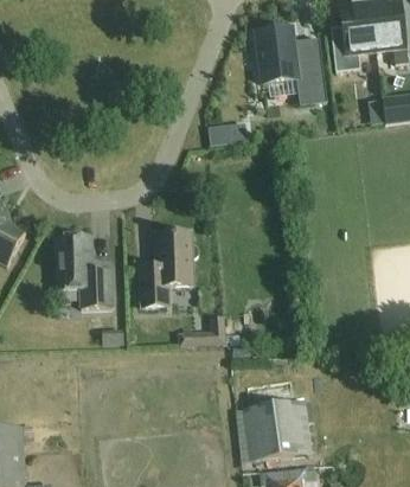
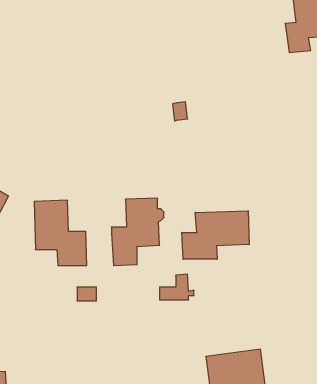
building: [256,26,327,104] -> none
building: none -> [182,211,249,259]

